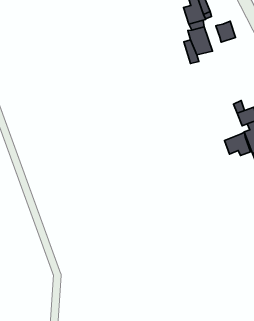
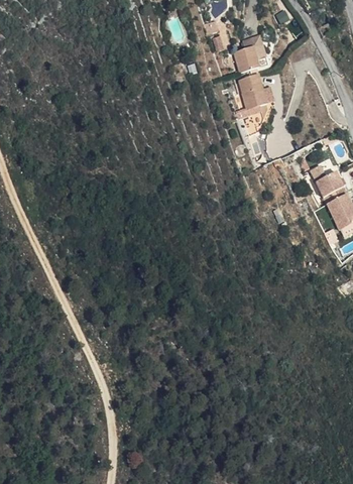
building: [216,21,236,42] -> none
building: [224,132,250,156] -> none

